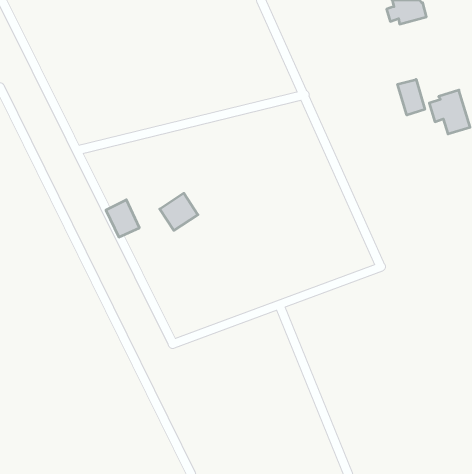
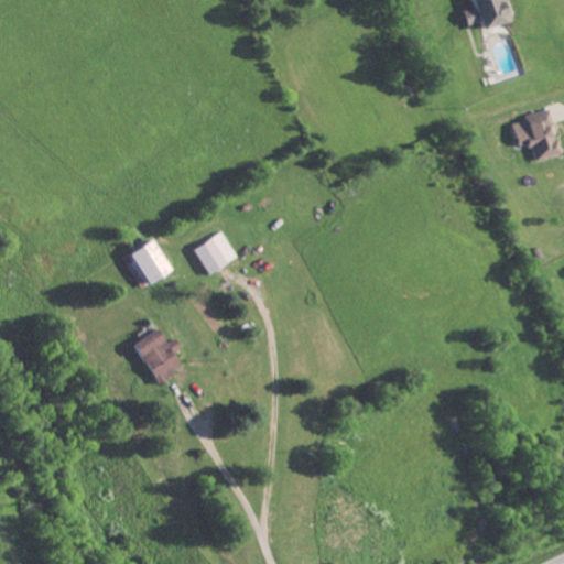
building: [398,79,425,115] -> none
building: none -> [132,328,183,383]

